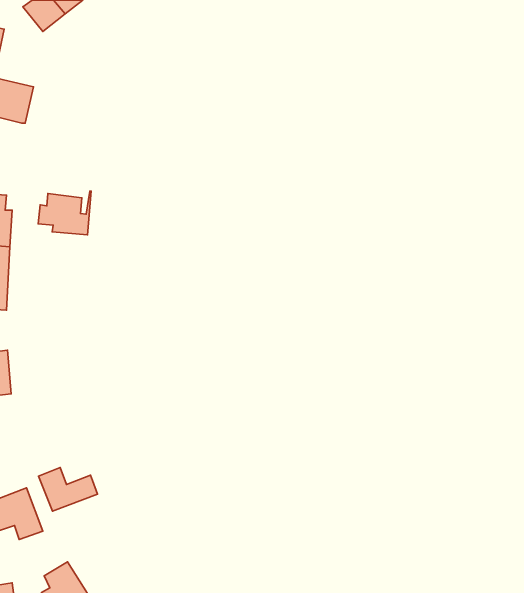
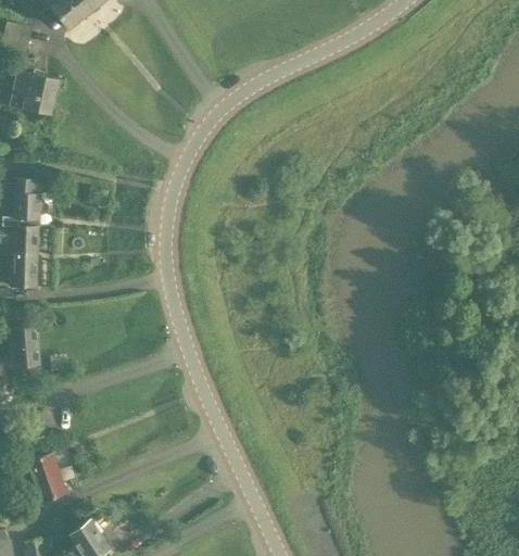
building: [38,191,91,235] -> none
building: [38,467,98,511] -> none

